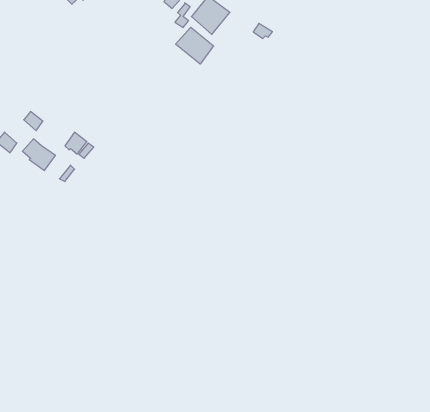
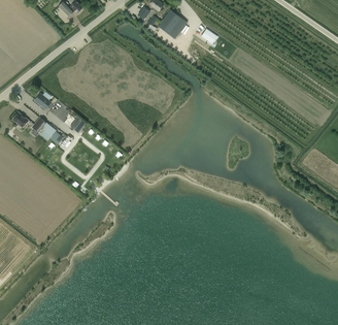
building: [176,27,214,64] -> none

